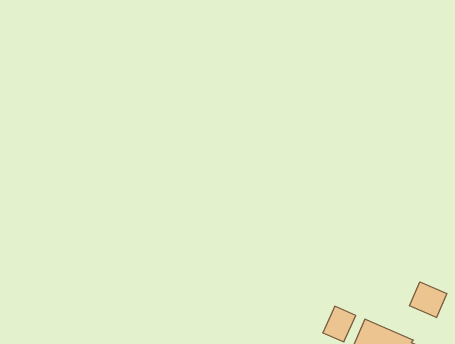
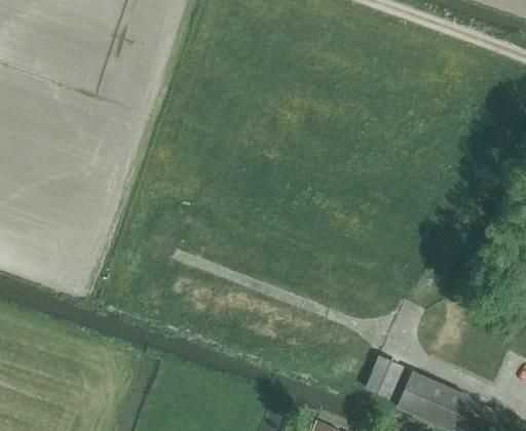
building: [410,282,447,318] -> none

